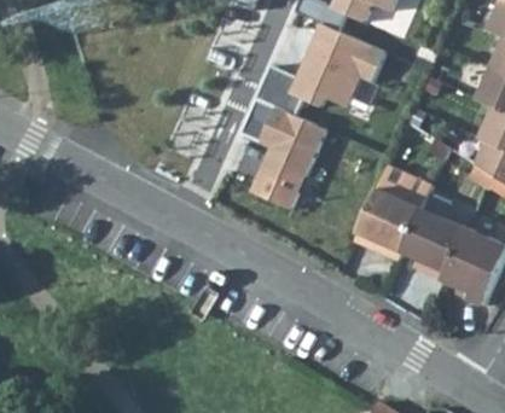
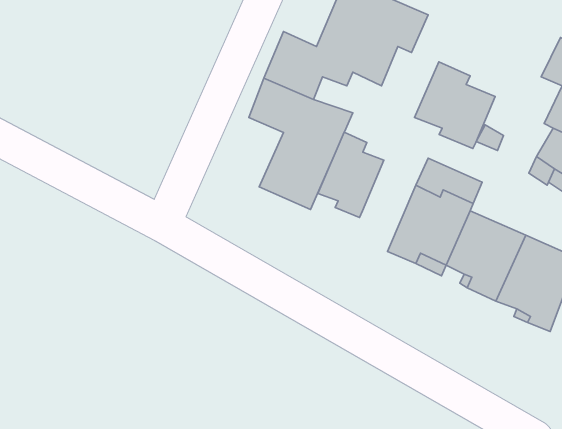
building: none -> [414,62,495,149]
building: none -> [318,132,384,218]

